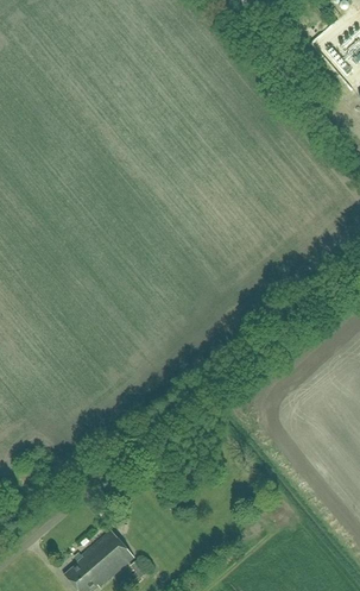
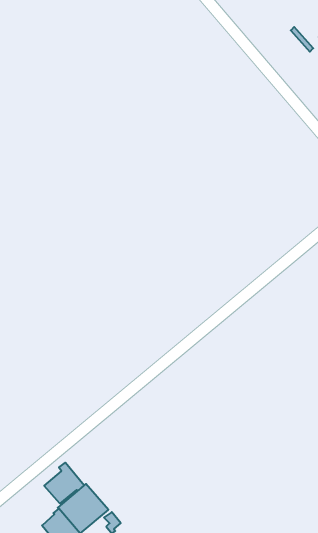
building: none -> [44,463,84,503]

